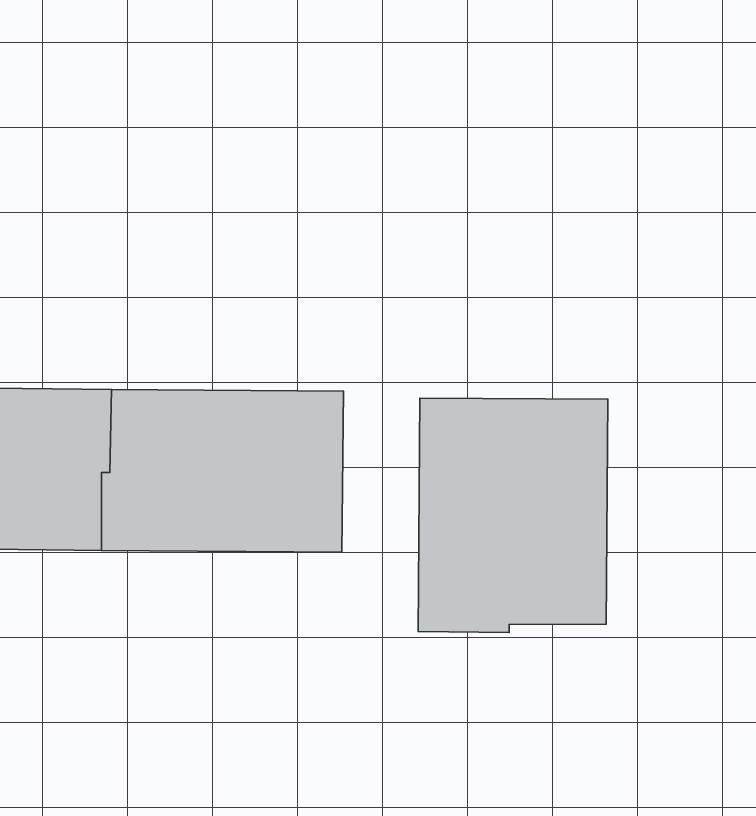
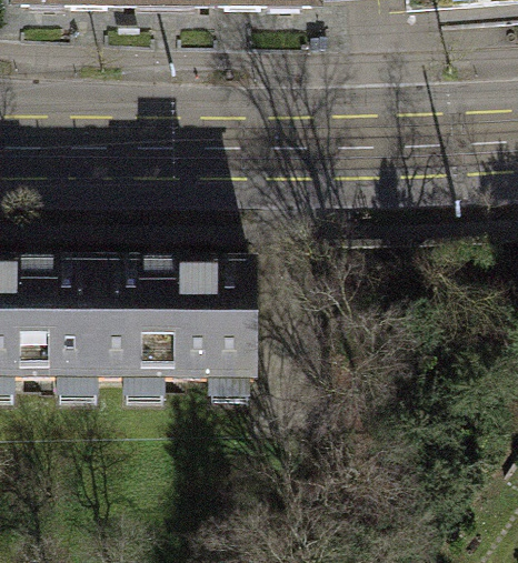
building: [418,398,608,633] -> none

